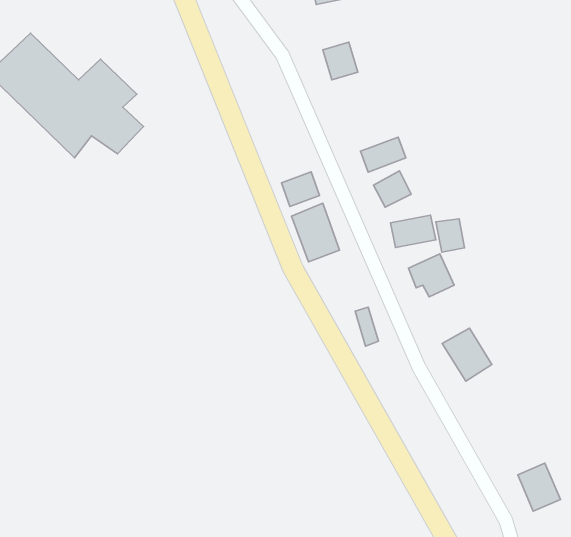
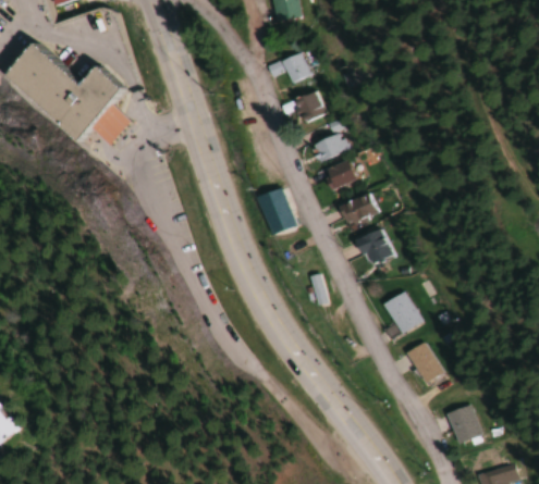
building: none -> [295,89,329,122]
building: [281,172,319,206] -> none
building: [436,219,464,252] -> none
building: none -> [408,340,445,386]

